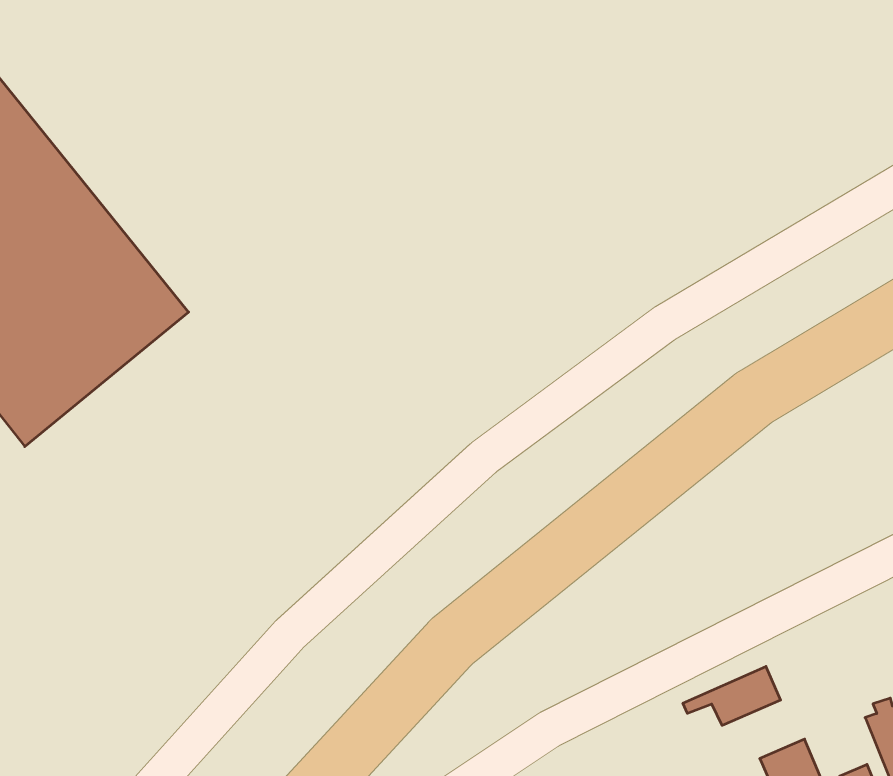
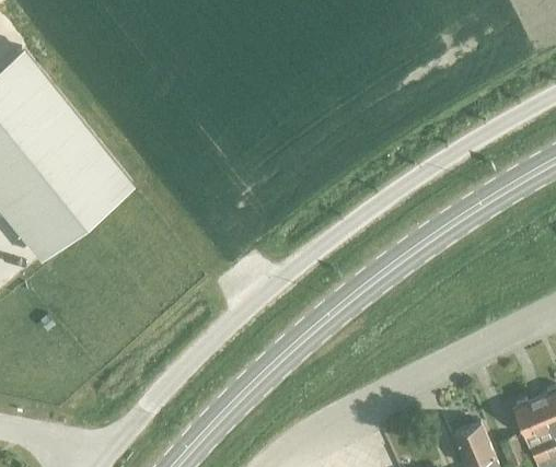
building: [683,666,781,725] -> none

